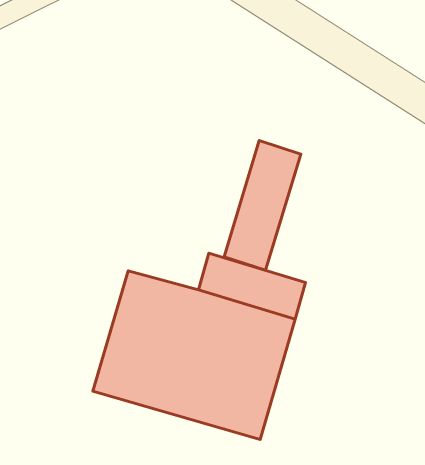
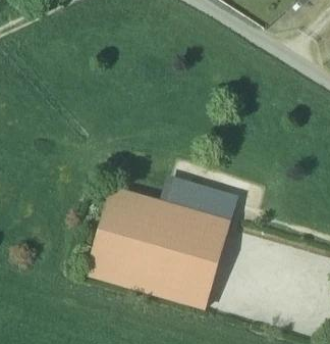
building: [224,141,301,270] -> none

